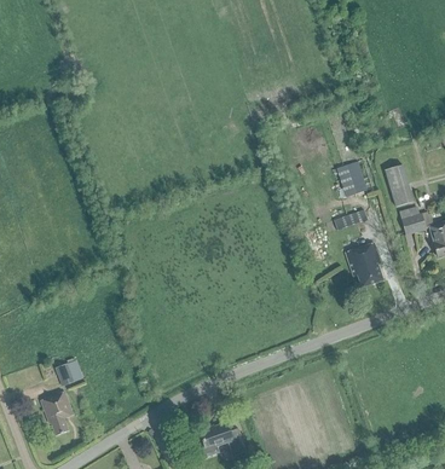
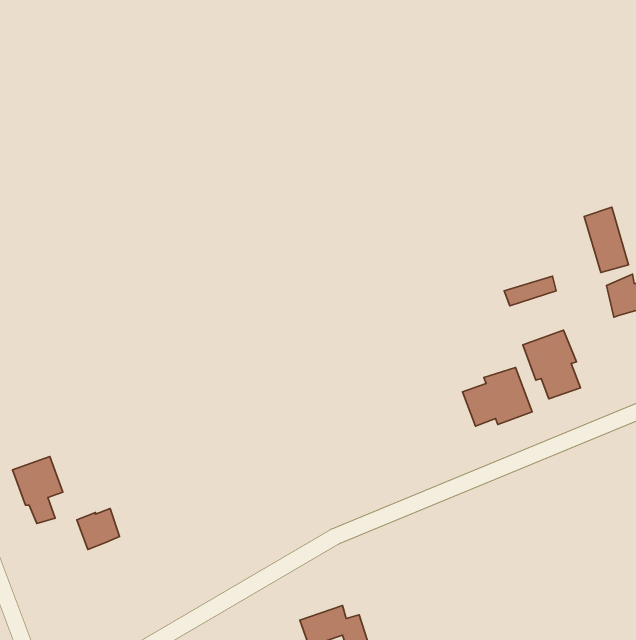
building: [336,160,366,195] -> none
building: none -> [463,367,532,426]
building: [40,390,73,434] -> [13,457,63,524]

